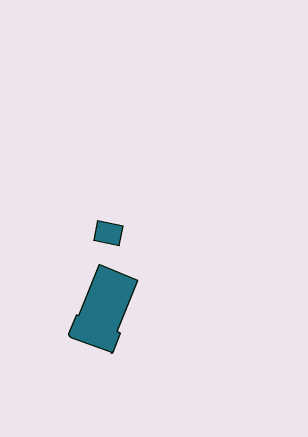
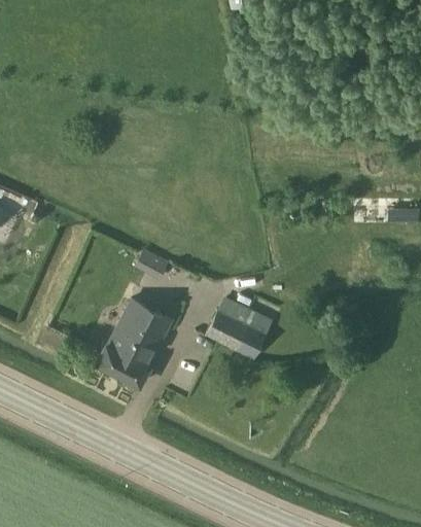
building: none -> [204,297,273,360]

